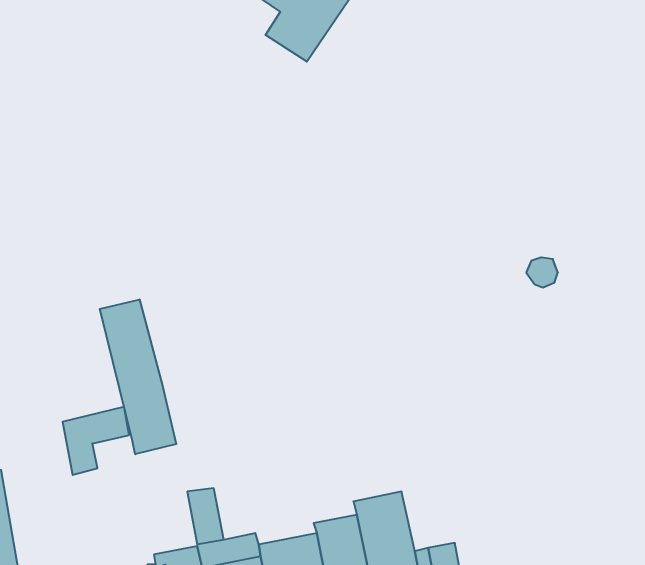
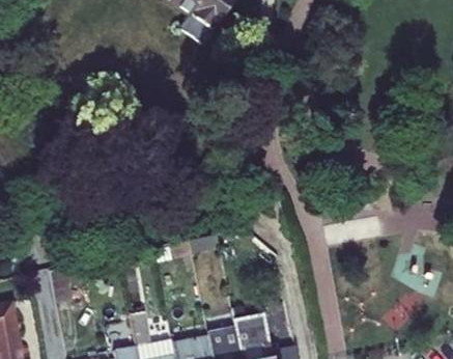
building: [100,299,176,454] -> none

